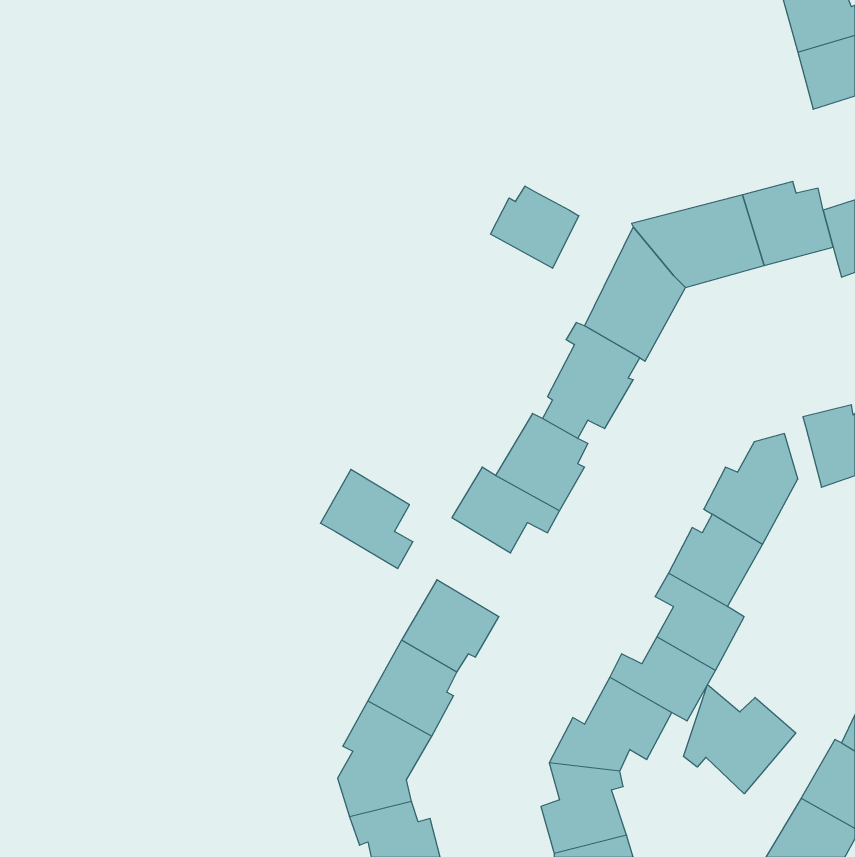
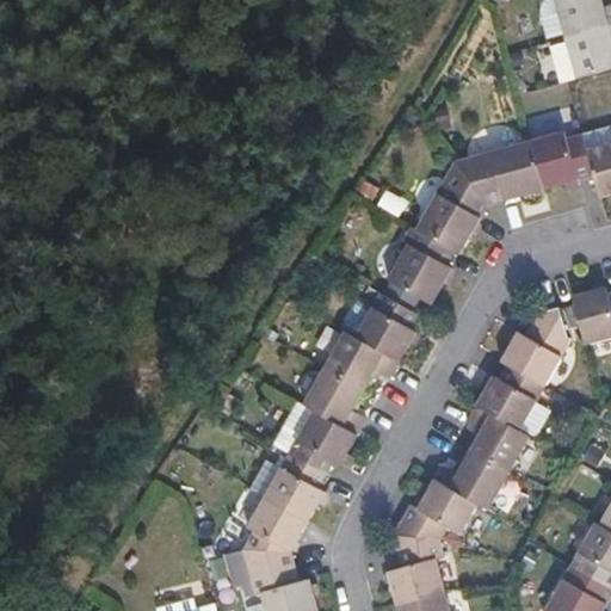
building: [490,186,579,268] -> none
building: [320,469,413,569] -> [300,368,365,438]
building: [684,684,796,794] -> none

